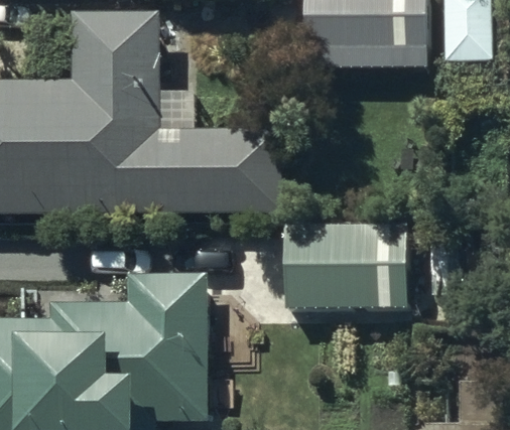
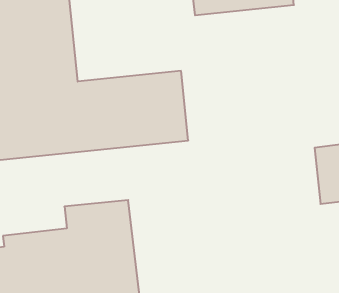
building: [283,222,407,309] -> none

